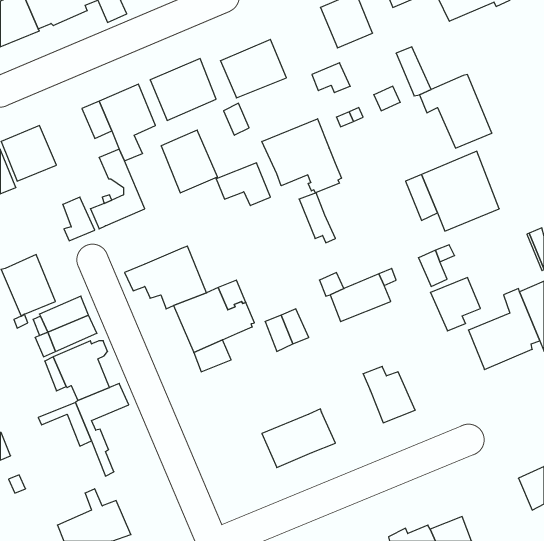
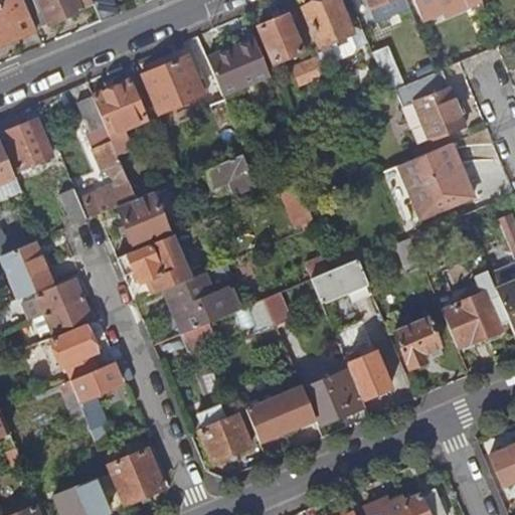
building: none -> [259,14,304,63]
building: [262,119,341,193] -> none
building: [161,130,217,193] -> [119,190,172,249]
building: [430,278,480,331] -> [394,318,442,368]
building: none -> [304,369,365,424]
building: none -> [200,413,252,462]
building: none -> [110,449,164,504]

